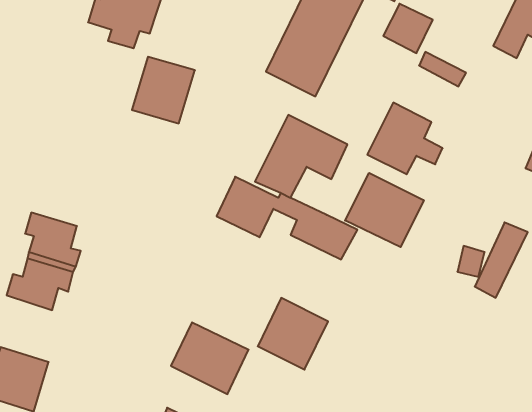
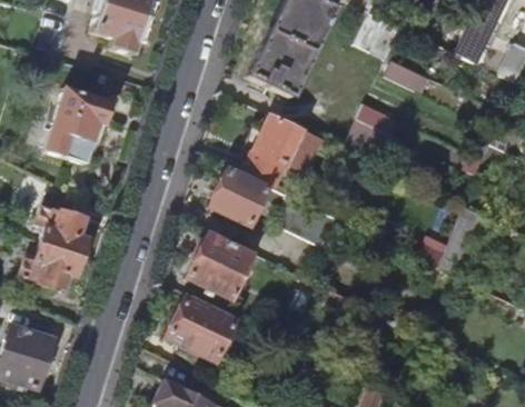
building: [132,57,195,123] -> [55,89,111,149]
building: [345,173,424,247] -> none
building: [258,298,328,370] -> [186,236,249,300]

